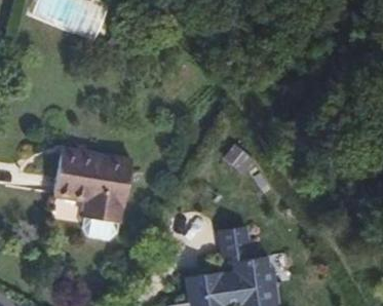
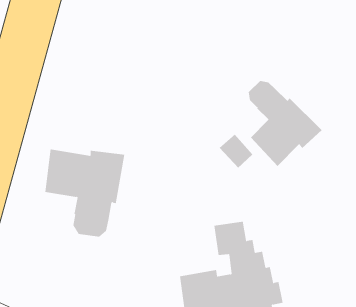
building: none -> [248,80,322,167]

